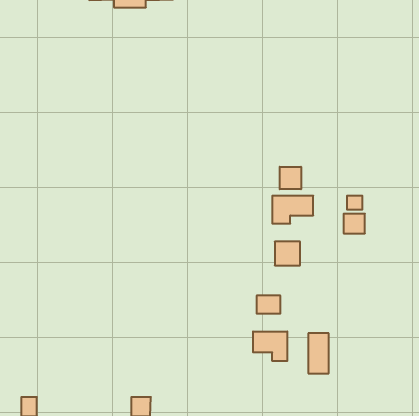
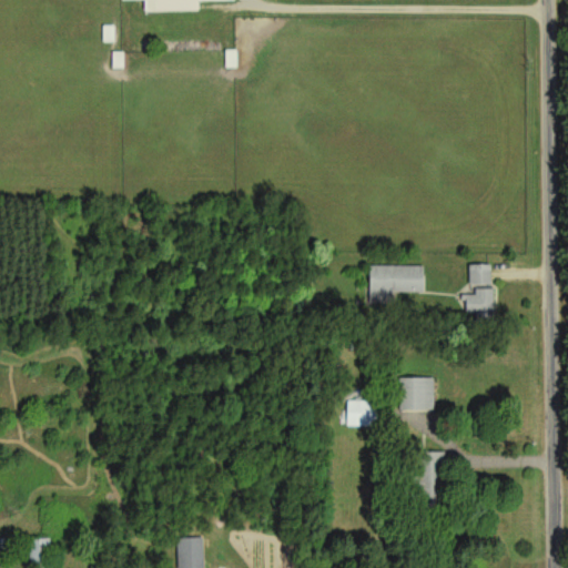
building: [280,167,301,189] -> none
building: [275,242,300,265] -> [399,377,434,409]
building: [253,331,287,361] -> none

